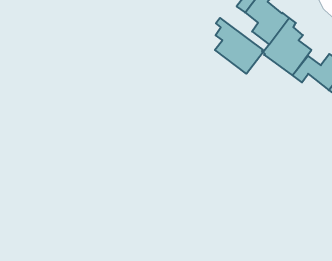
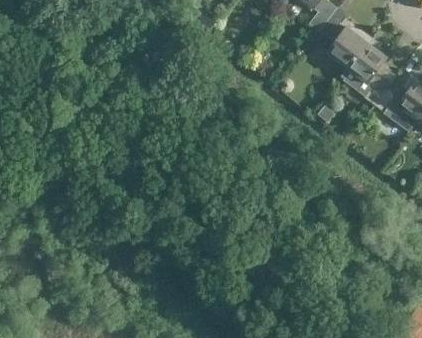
building: [215,18,263,74] -> none

